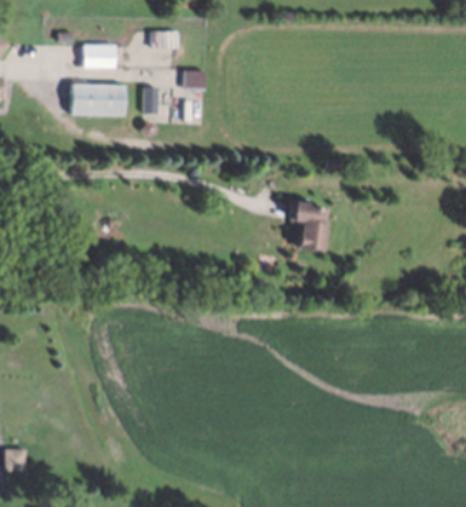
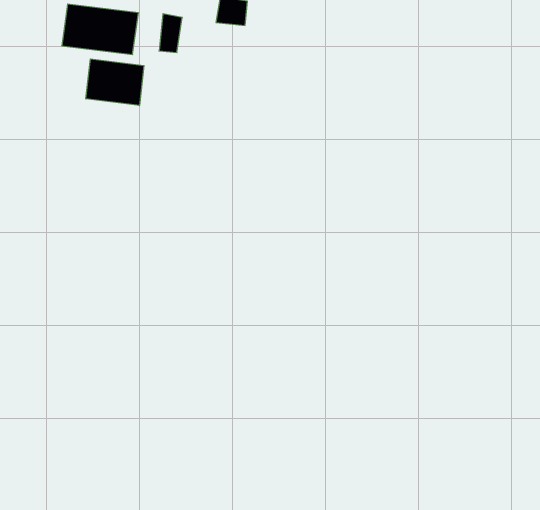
building: none -> [86,59,144,106]
building: [290,201,329,250] -> none

